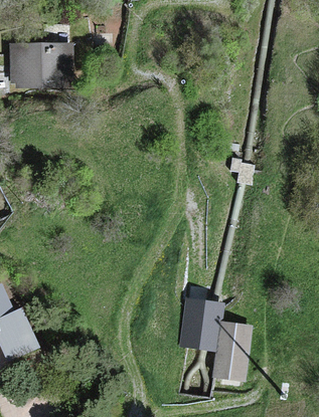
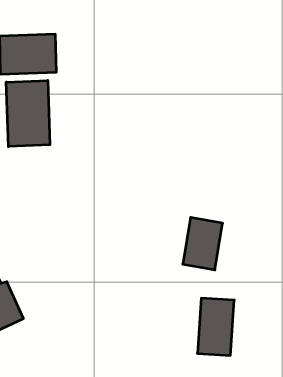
building: none -> [6,80,50,147]
building: [178,298,219,353] -> [183,217,223,270]

